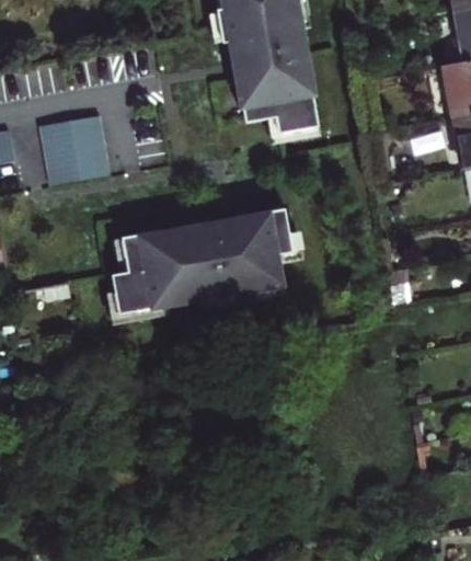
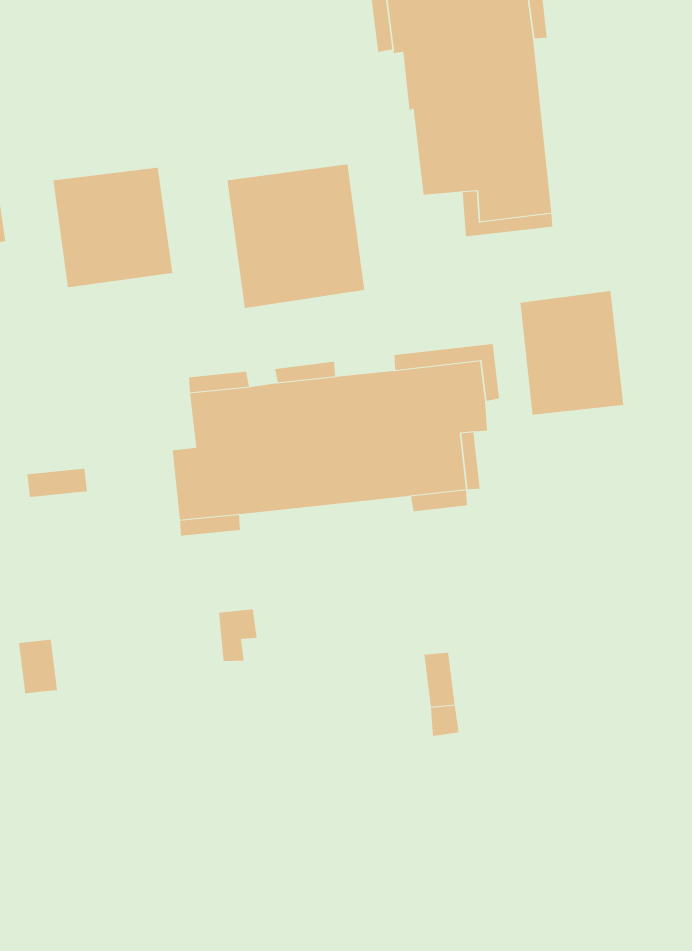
building: none -> [227,164,365,309]
building: none -> [520,290,624,416]

